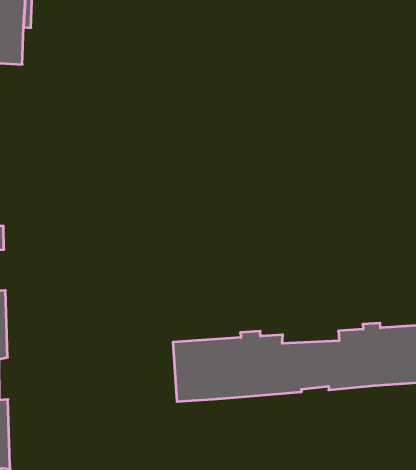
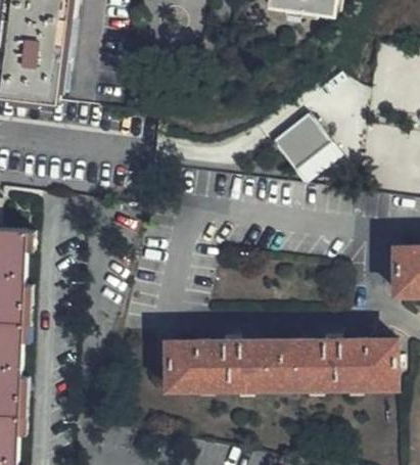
building: none -> [269,112,338,182]

